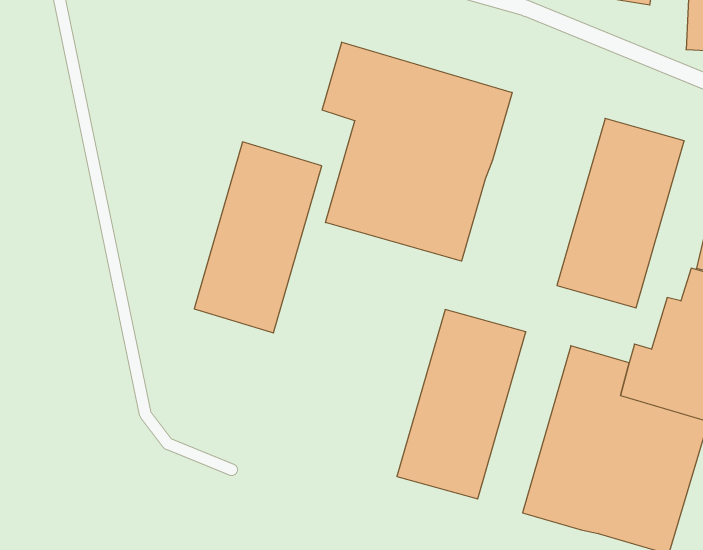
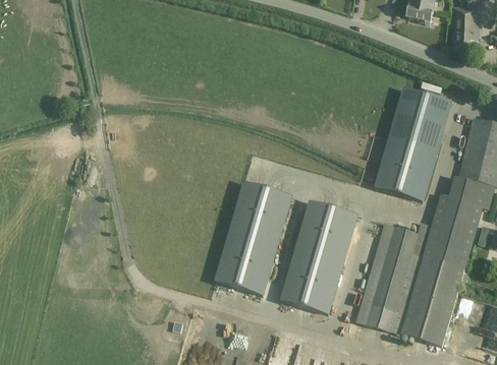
building: [322,42,512,261] -> none
building: [194,142,322,333] -> [216,181,291,294]

